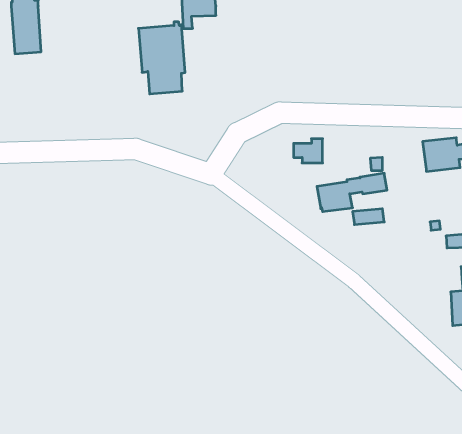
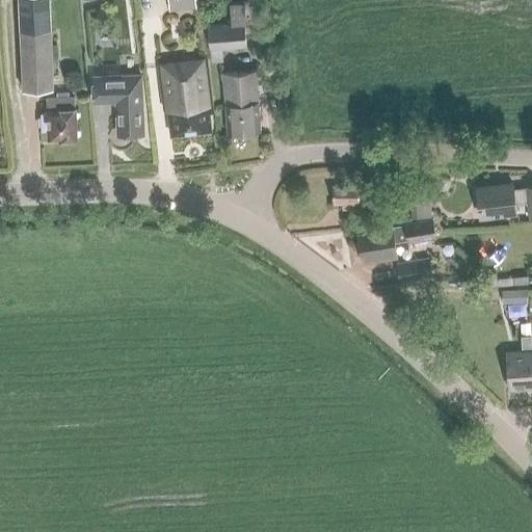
building: none -> [219,69,260,135]
building: none -> [92,75,143,137]
building: none -> [42,97,78,141]

